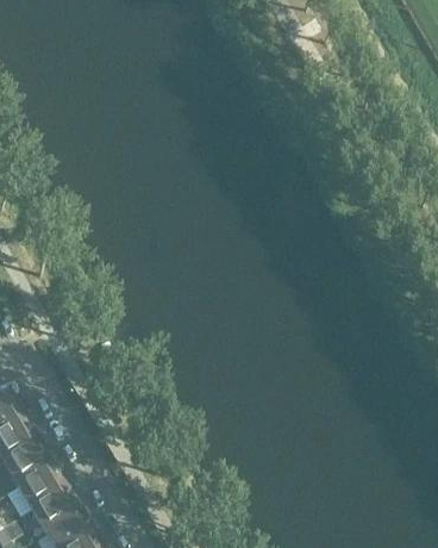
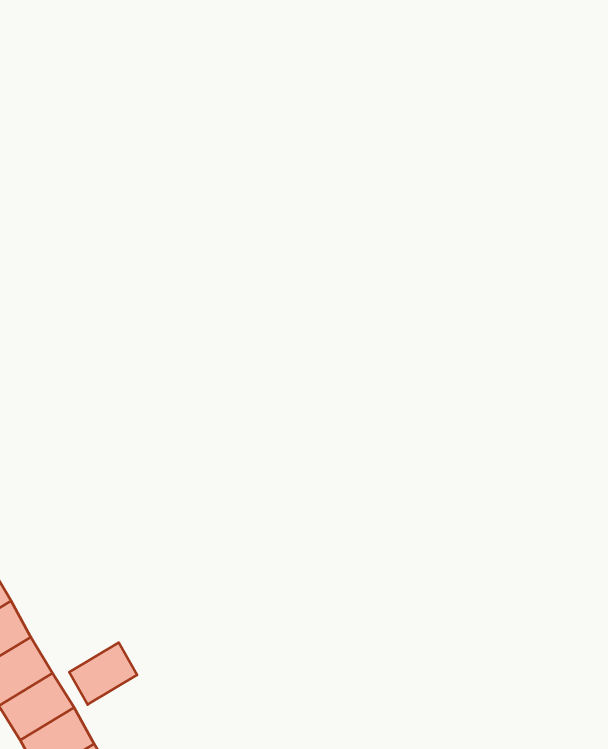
building: none -> [69,643,137,705]

